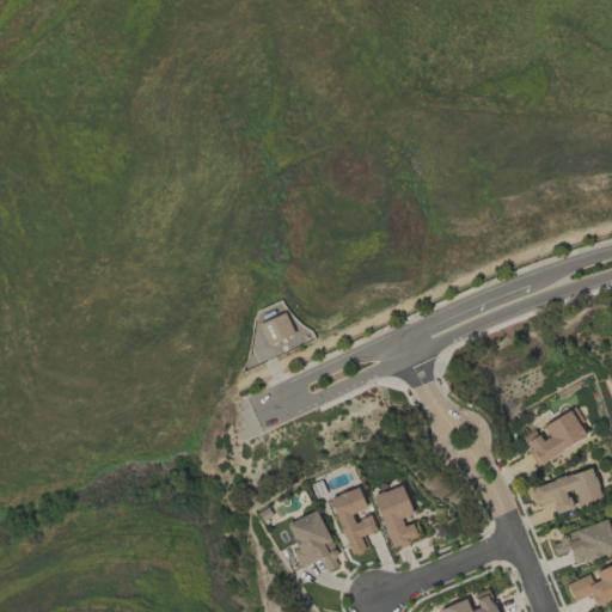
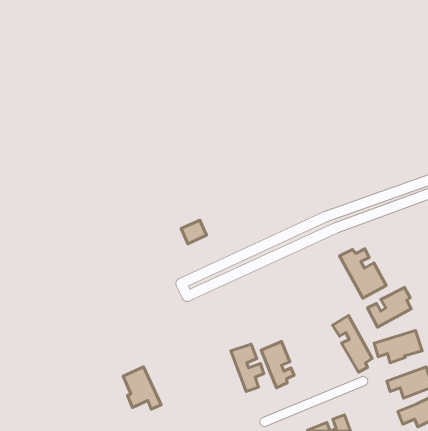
building: none -> [340,249,386,298]
building: none -> [333,316,372,372]
building: [289,510,343,570] -> [123,367,161,409]

